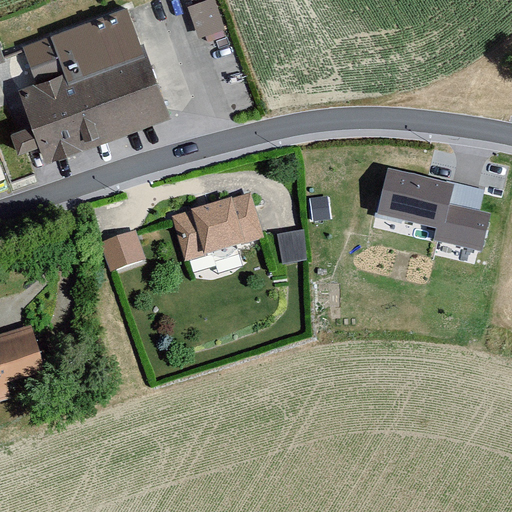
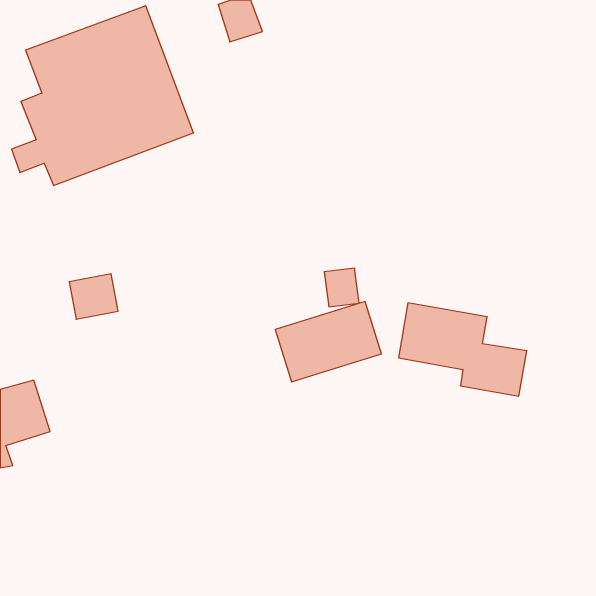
building: [391,179,501,259] -> [399,303,527,396]
building: [172,191,263,260] -> [275,301,381,382]
building: [103,230,145,269] -> [69,274,118,319]

